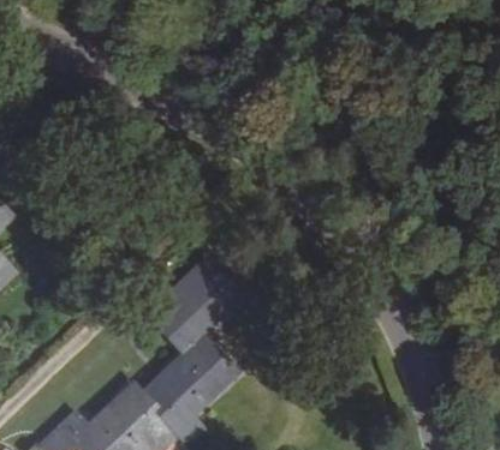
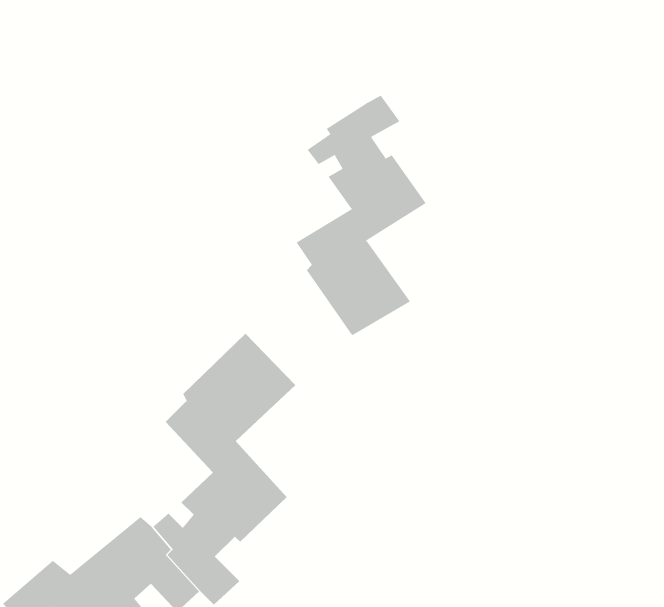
building: none -> [296,95,426,336]

